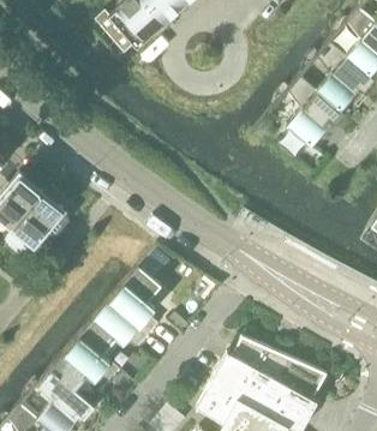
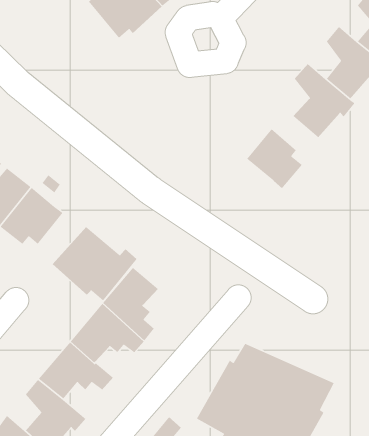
building: none -> [246,128,303,189]
building: none -> [52,226,138,302]

